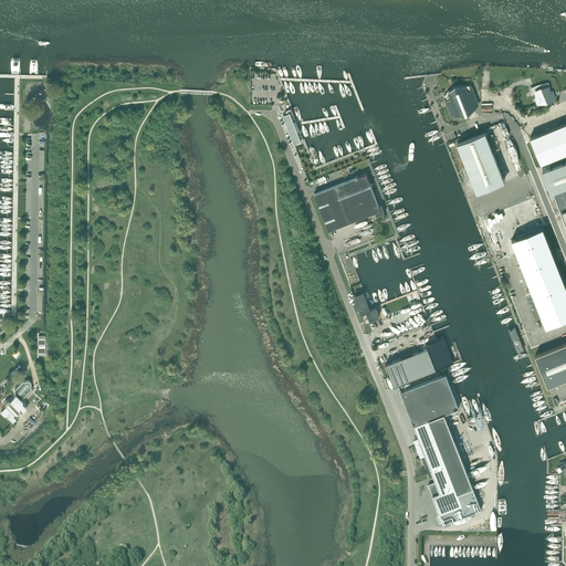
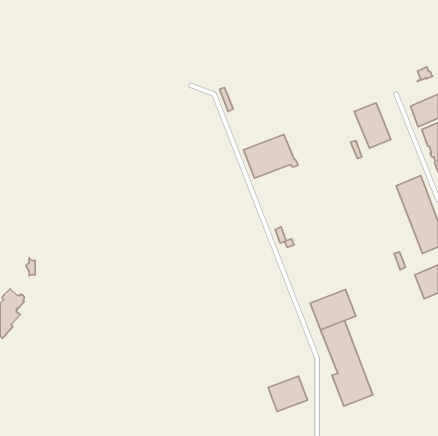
building: [444,87,478,118] -> none
building: [386,339,453,387] -> none
building: none -> [268,376,307,411]

